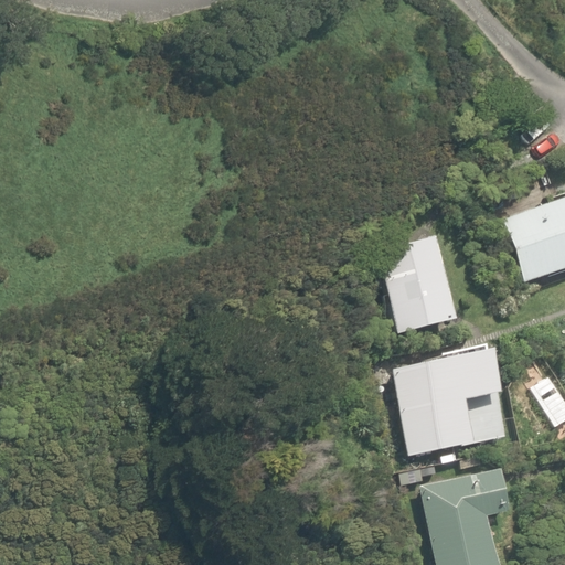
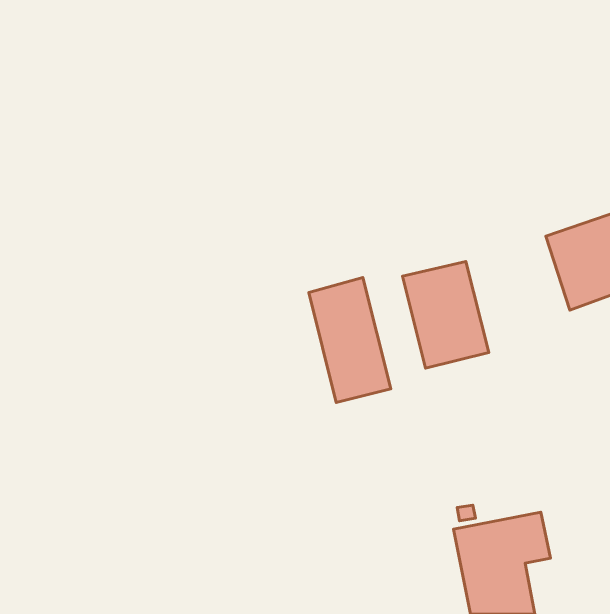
building: none -> [309,277,391,403]
building: [394,350,510,455] -> none

